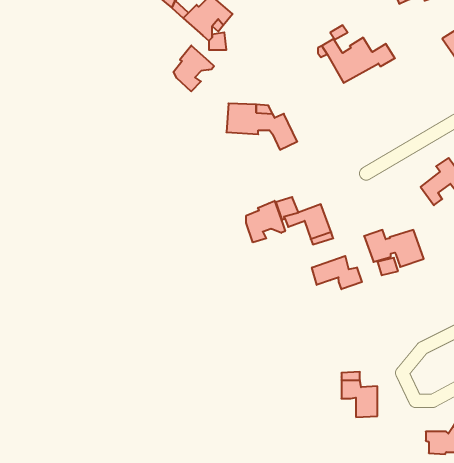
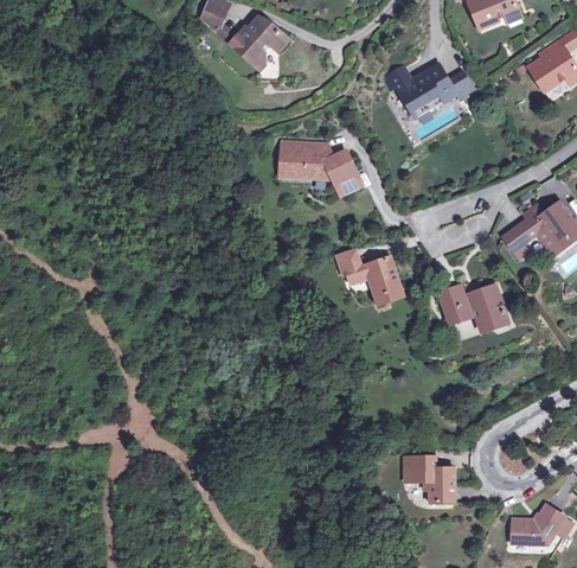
building: [173,45,214,91] -> none
building: [246,201,285,242] -> none
building: [312,256,362,289] -> none

